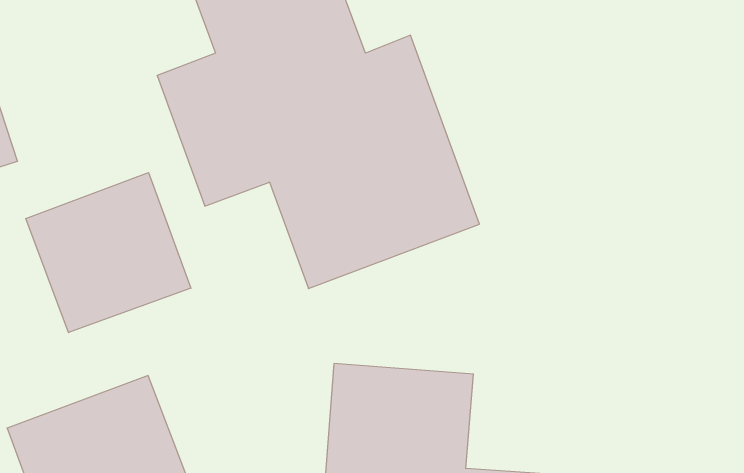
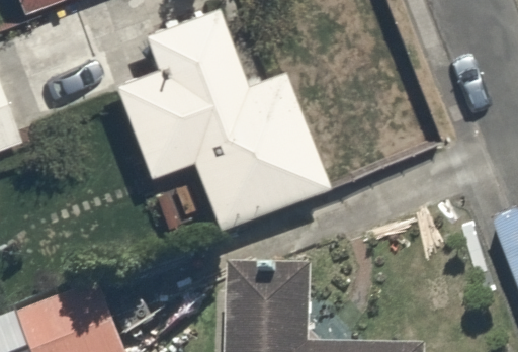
building: [26,173,191,333] -> none

